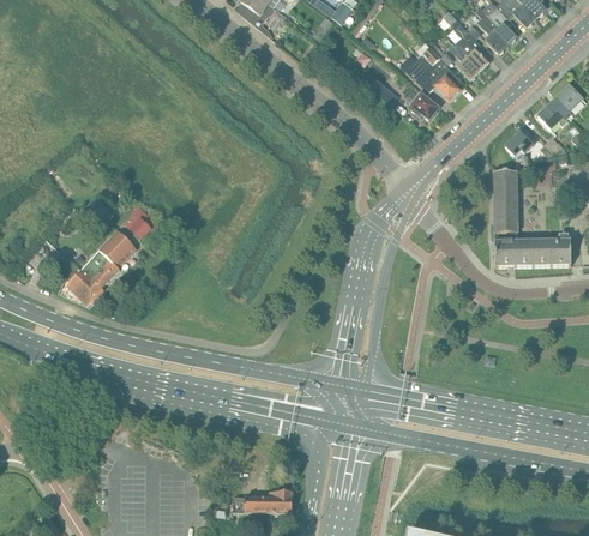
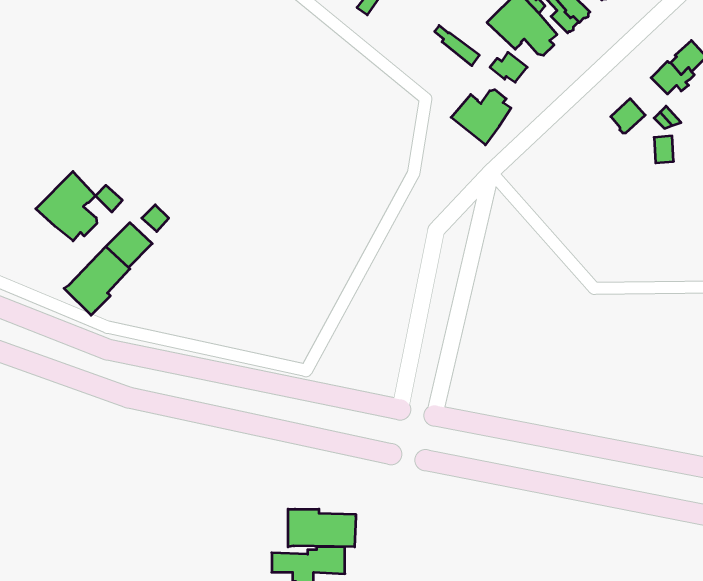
building: none -> [451,90,511,145]
building: [493,170,571,265] -> none
building: none -> [36,171,97,241]
building: none -> [288,509,356,547]

